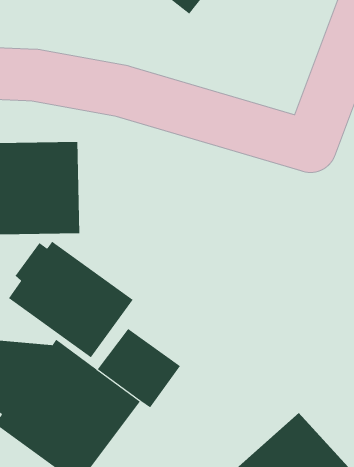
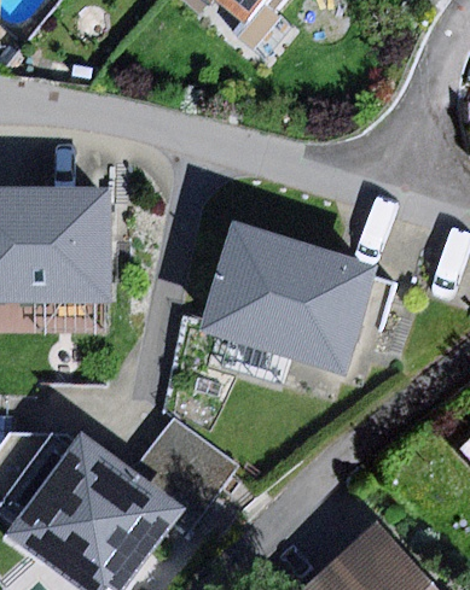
building: none -> [199,221,379,376]
building: [8,241,133,358] -> none

